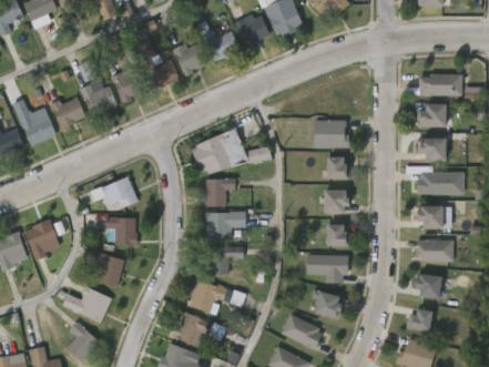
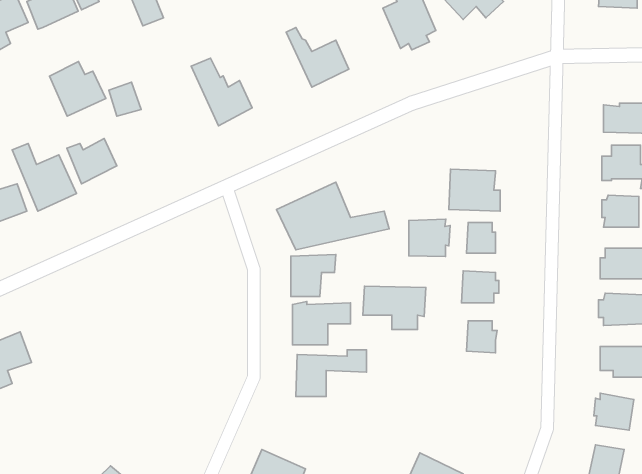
building: [235,13,273,51] -> none
building: [174,42,211,77] -> none
building: [112,68,151,105] -> none
building: [80,80,119,118] -> [50,62,106,116]
building: none -> [409,219,450,256]
building: [100,175,137,207] -> none
building: [105,215,136,245] -> none
building: [24,218,59,259] -> none
building: [91,252,124,287] -> none
building: [305,254,348,284] -> [363,286,426,330]
building: [190,279,232,312] -> none
building: [57,286,113,324] -> none
building: [310,288,340,317] -> none

